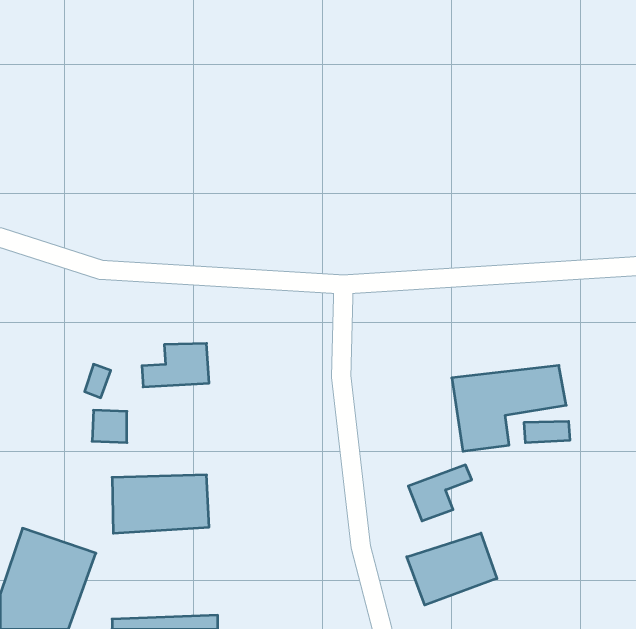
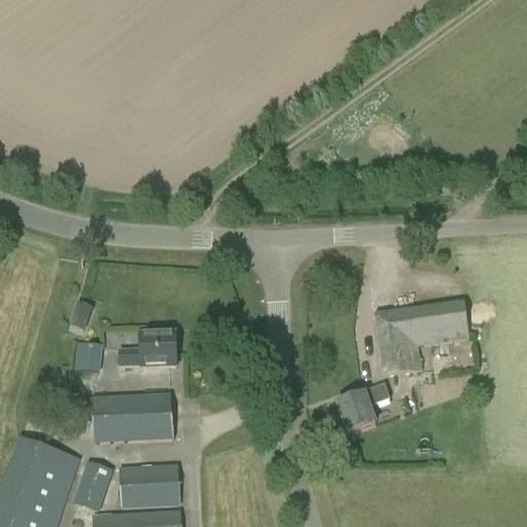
building: [142,343,209,387] -> [120,330,176,366]
building: [407,533,497,605] -> none
building: none -> [72,460,113,512]
building: none -> [119,462,180,507]

